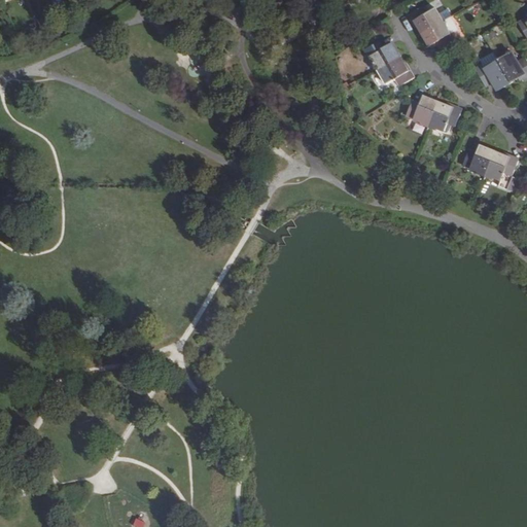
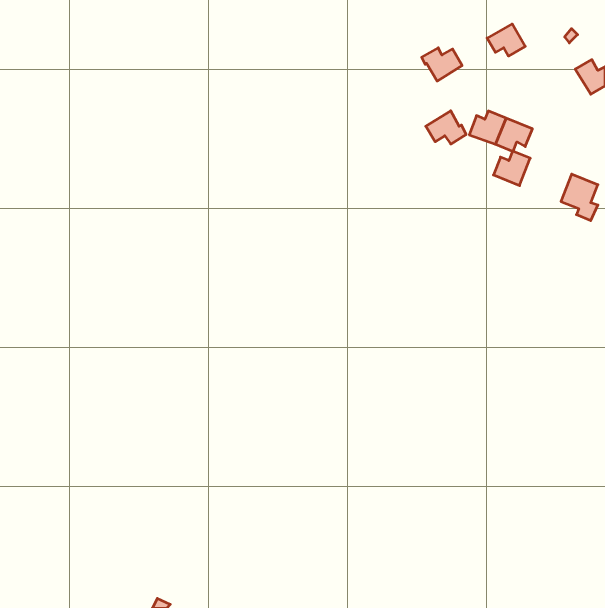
building: [408,6,443,33] -> none
building: [378,57,413,85] -> [426,111,466,144]
building: [473,60,511,90] -> none
building: [462,144,494,174] -> [493,151,530,186]

